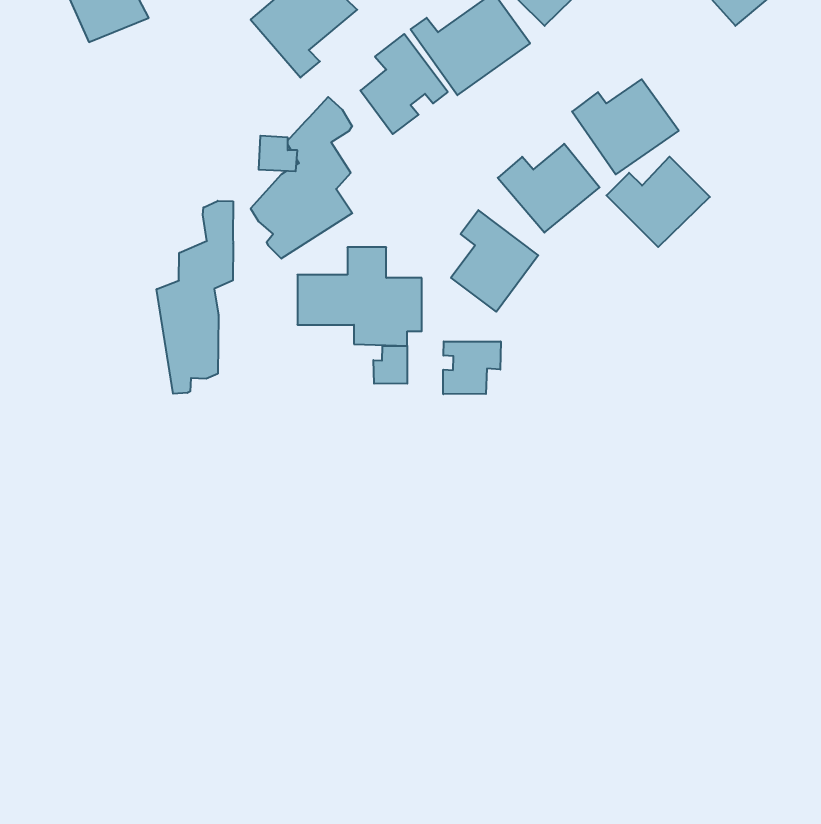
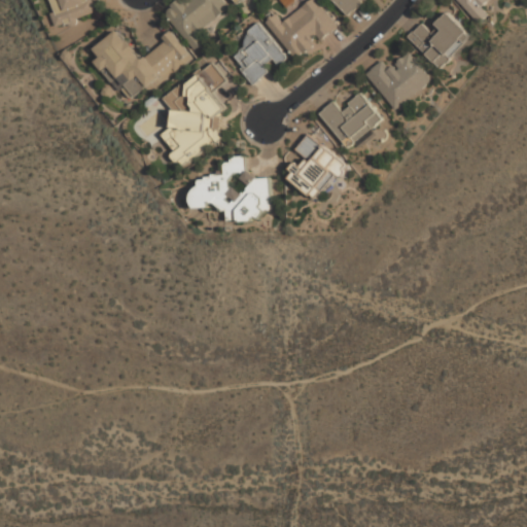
building: none -> [87,29,189,97]
building: [606,157,710,247] -> [406,11,471,69]
building: [157,201,233,394] -> none
building: [443,341,501,394] -> none
building: [373,346,407,384] -> none

